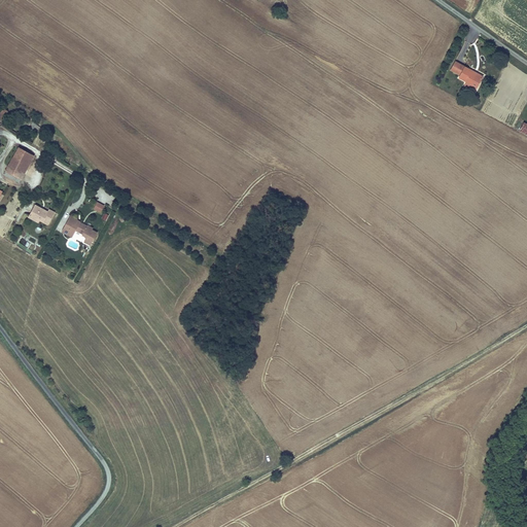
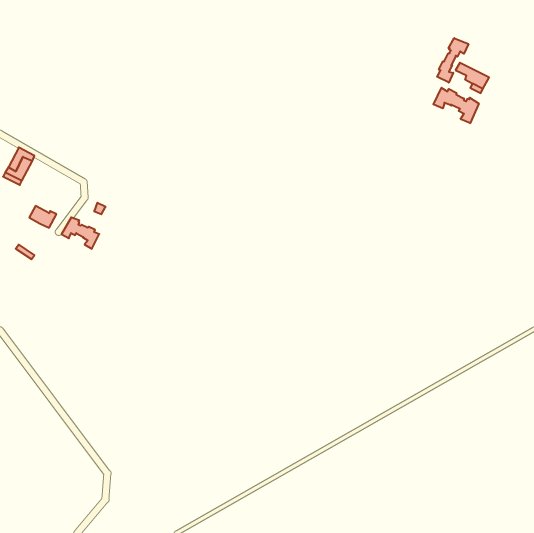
building: none -> [437,38,468,83]
building: none -> [433,88,479,123]

